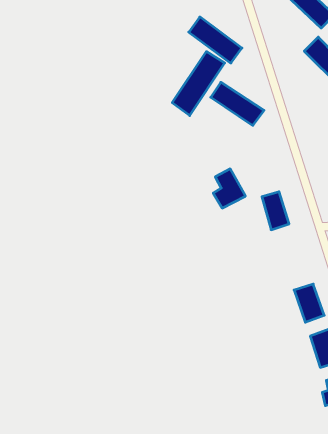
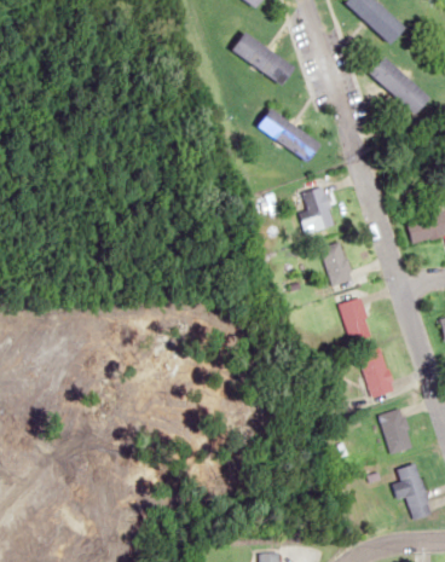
building: [172,52,225,116] -> none
building: [213,169,245,208] -> [297,187,336,234]
building: none -> [339,297,371,342]

